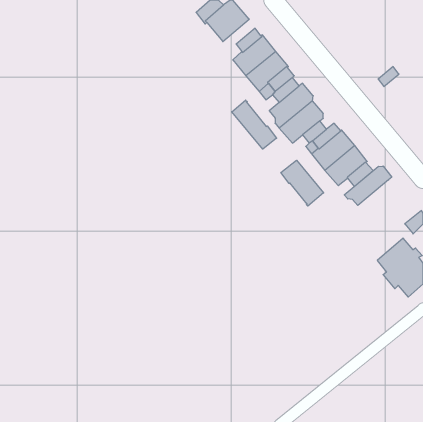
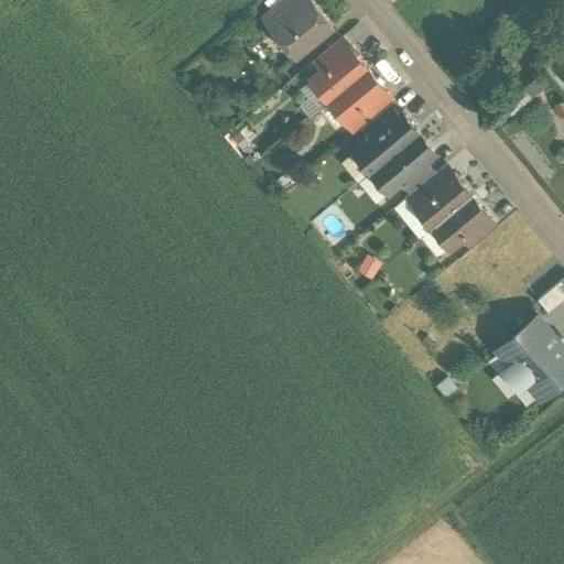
building: [232,100,277,149] -> none
building: [281,160,324,206] -> none
building: [344,166,392,205] -> none

